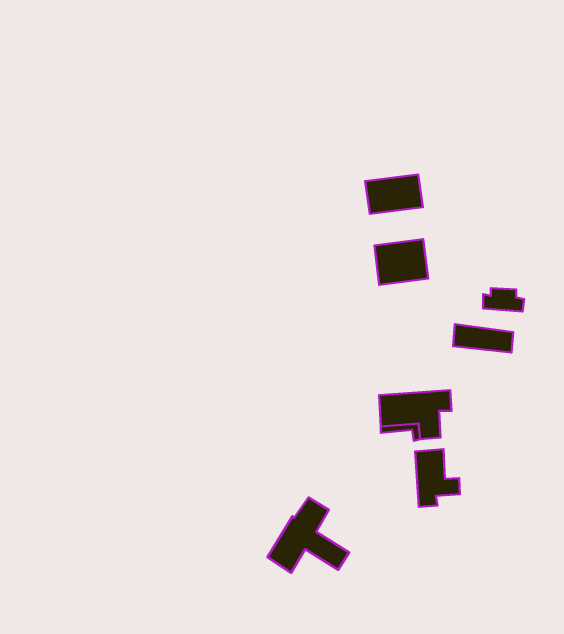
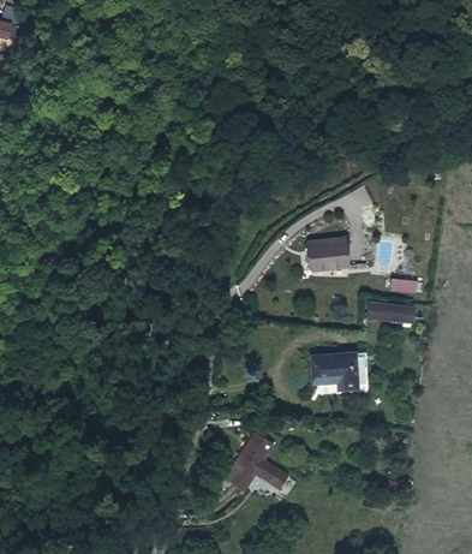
building: [365,174,423,214] -> none
building: [415,449,460,507] -> none

